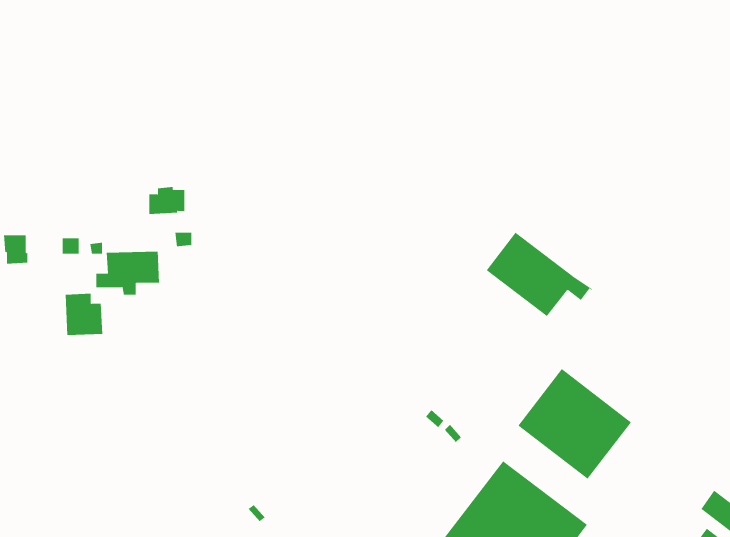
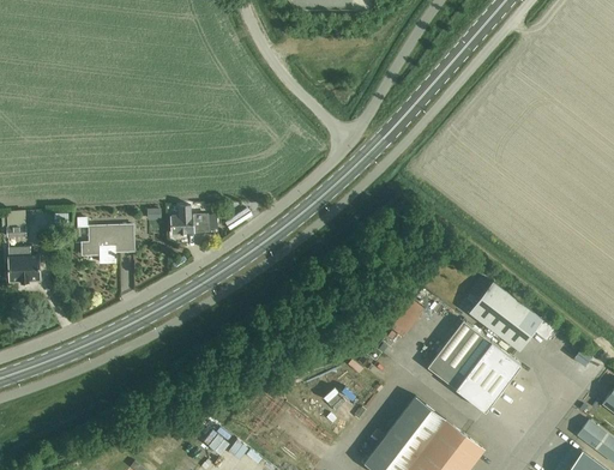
building: [148,187,185,214] -> [171,210,201,233]
building: [486,232,593,317] -> [468,281,555,350]
building: [65,293,103,336] -> [10,245,41,279]

